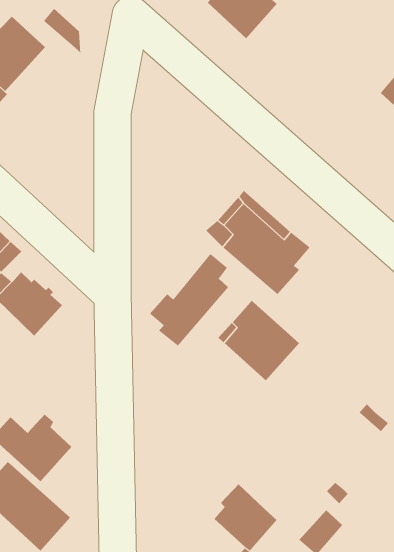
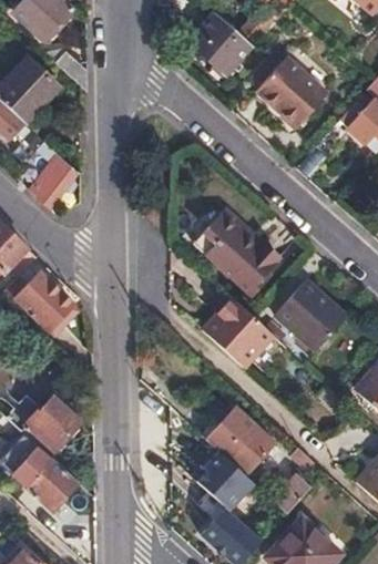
building: none -> [258,57,329,127]
building: none -> [30,155,79,205]
building: [149,253,229,347] -> none
building: none -> [275,277,346,347]
building: none -> [202,407,270,474]

